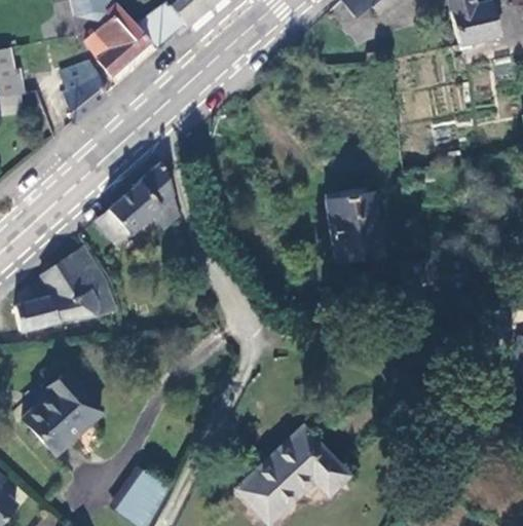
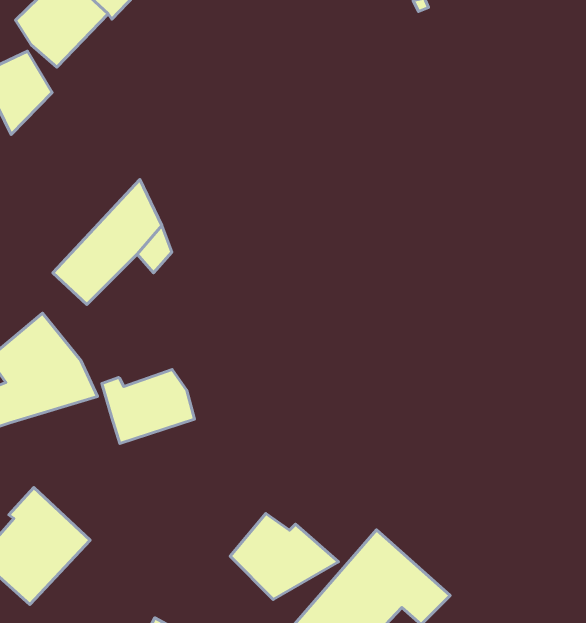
building: [328,189,386,262] -> none
building: none -> [102,369,195,444]
building: none -> [230,514,339,600]

